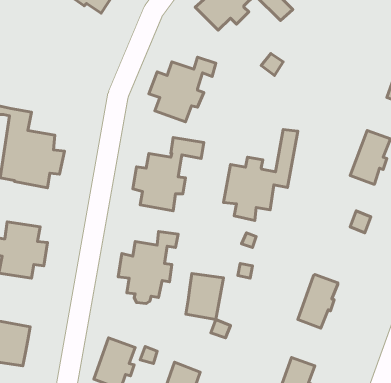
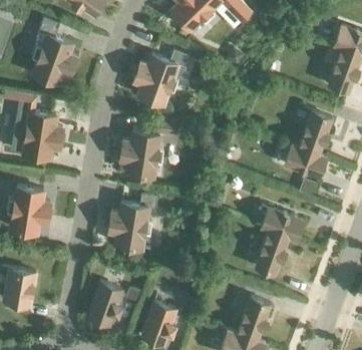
building: none -> [31,18,75,83]
building: [223,130,298,221] -> none
building: none -> [284,145,325,177]
building: none -> [261,209,302,240]
building: [186,273,223,320] -> none

